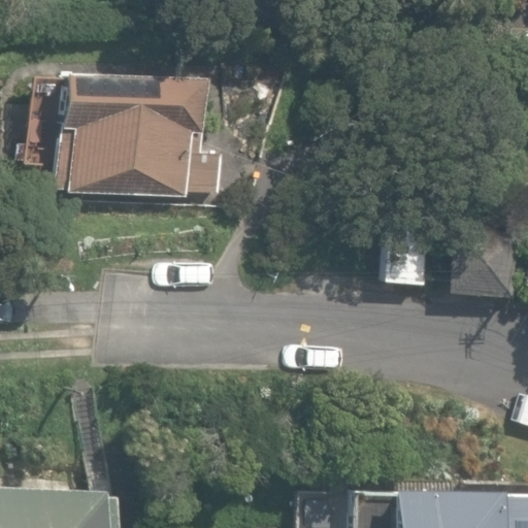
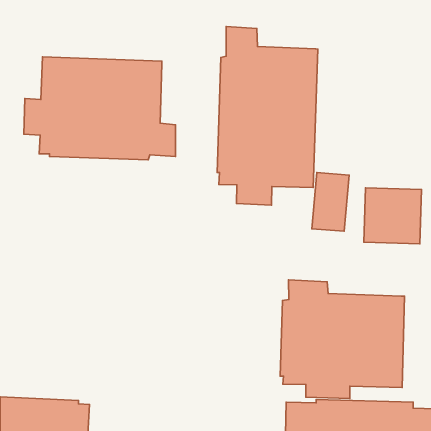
building: none -> [217,26,318,205]
building: none -> [280,280,405,399]

